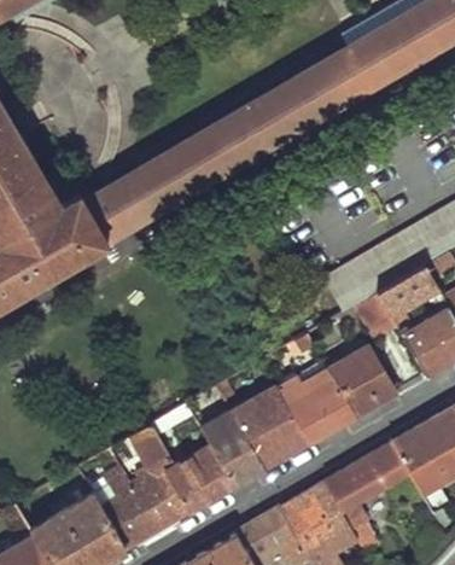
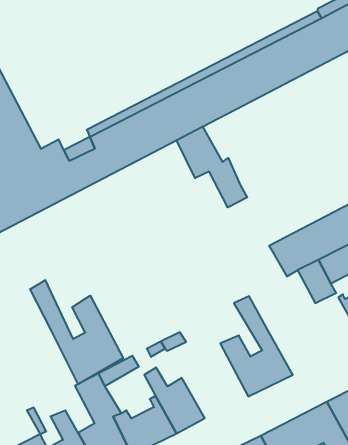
building: none -> [176,126,247,207]
building: none -> [30,280,123,384]
building: [326,349,396,419] -> none
building: [226,390,309,470] -> none

